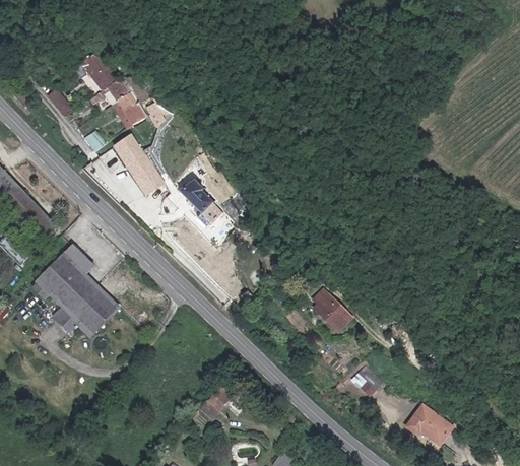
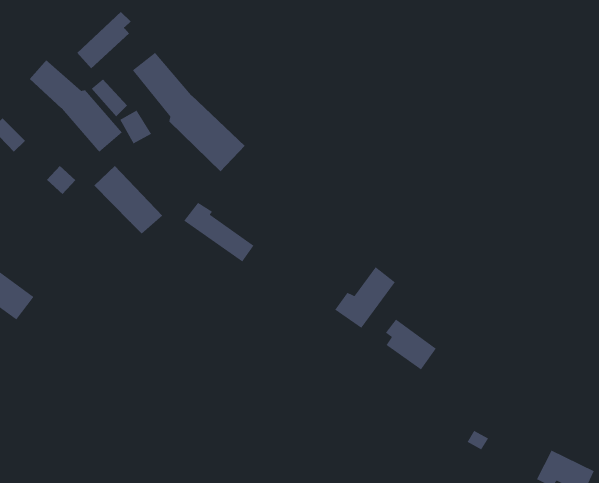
building: none -> [77,11,131,69]
building: none -> [132,52,245,172]
building: [34,244,121,339] -> none
building: none -> [334,266,396,329]

